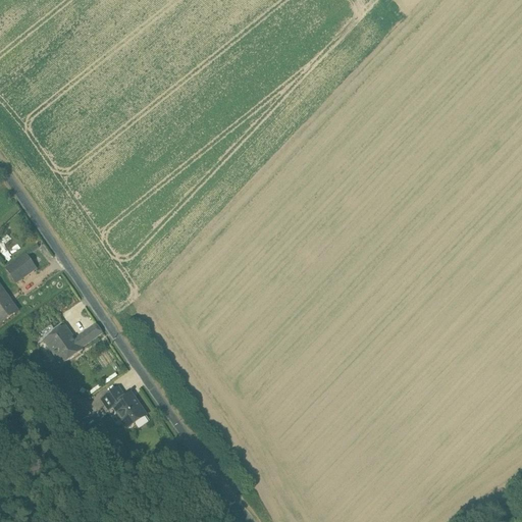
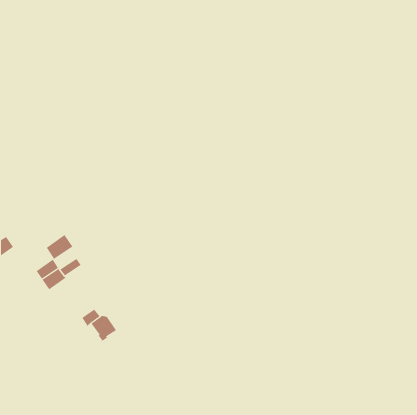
building: [5,252,35,279] -> none
building: none -> [46,234,73,260]

